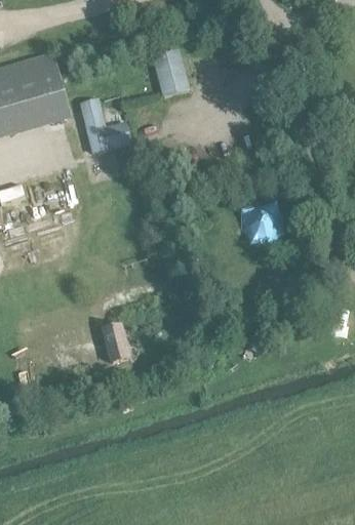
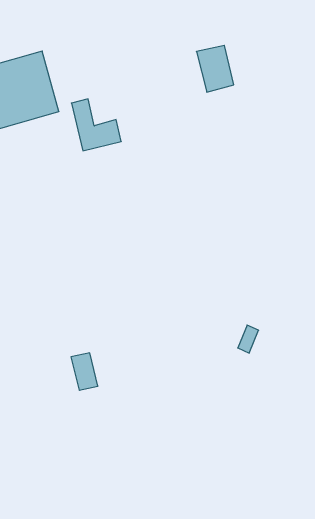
building: [152,50,189,96] -> [196,45,234,92]
building: [103,324,129,361] -> [71,353,98,390]

